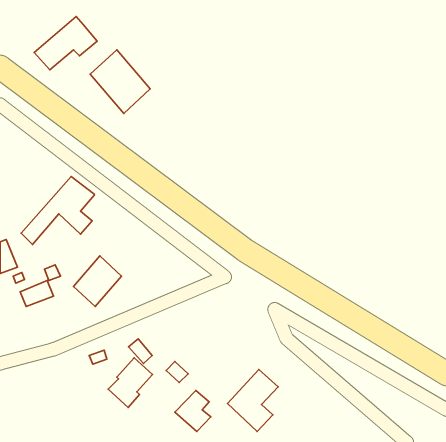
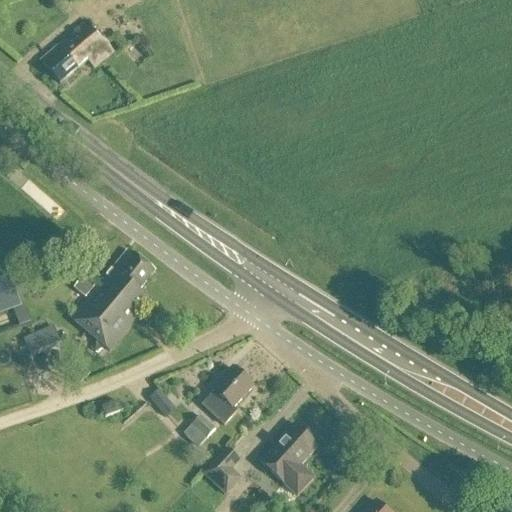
building: [90,50,150,113] -> none
building: [21,176,95,245] -> [72,250,156,328]
building: [108,358,153,408] -> [201,367,252,424]

